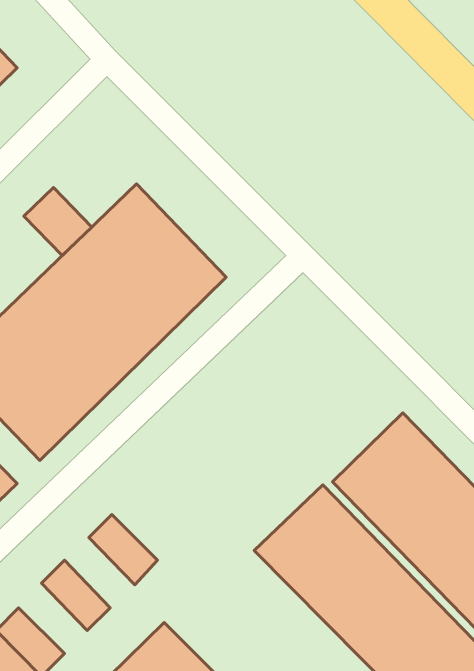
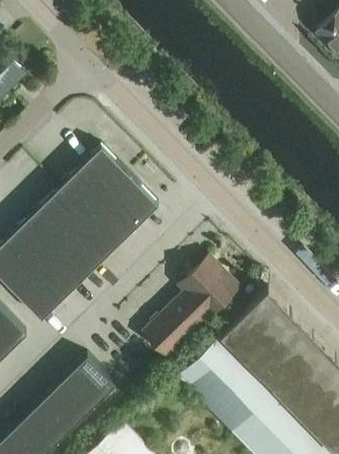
building: [24,188,92,256] -> none
building: none -> [144,259,238,358]
building: none -> [57,368,101,412]
building: none -> [29,397,71,441]

